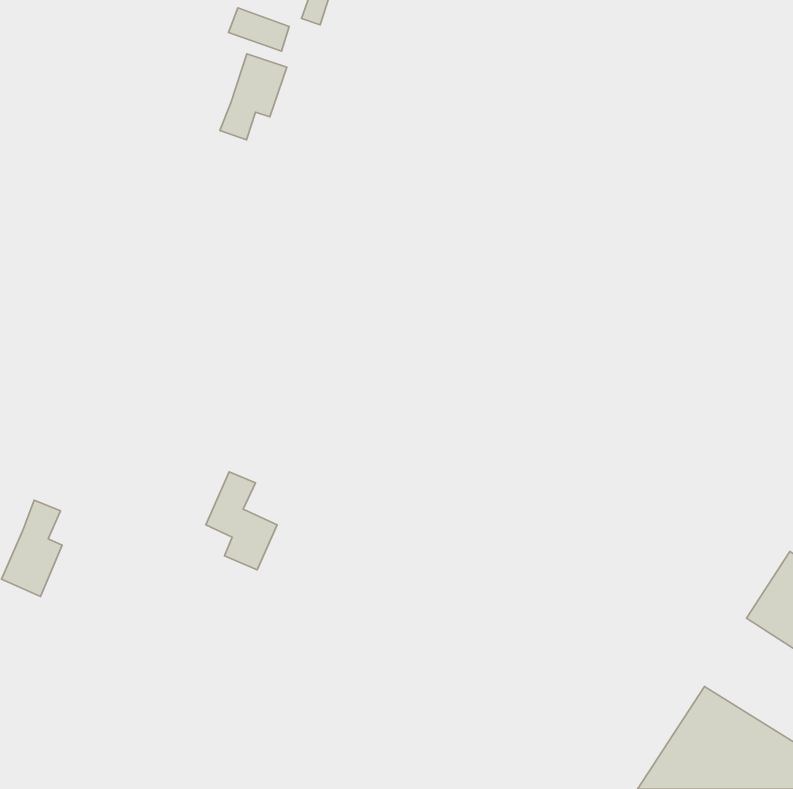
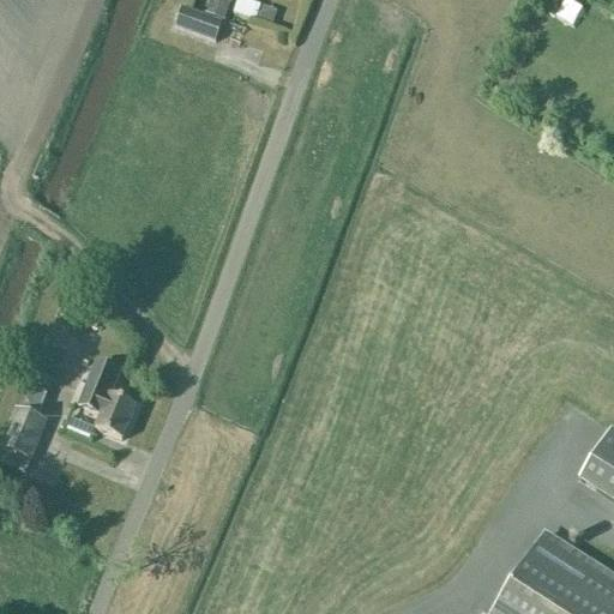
building: [220,54,287,140] -> none
building: [206,472,277,570] -> [82,365,137,440]

